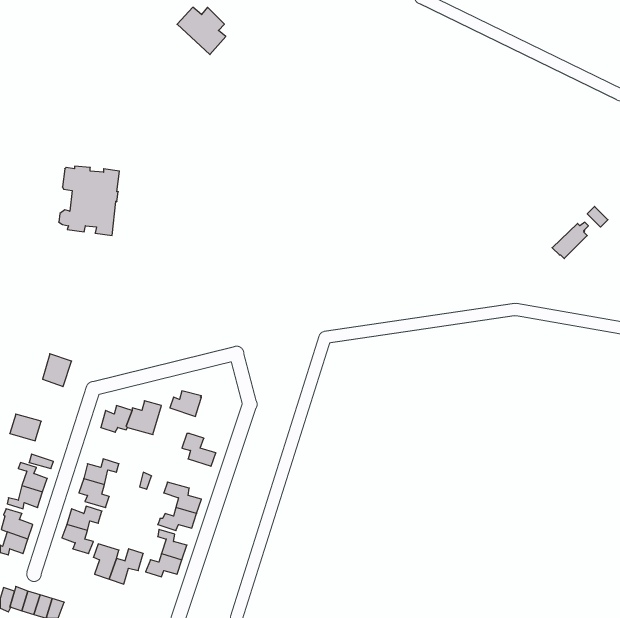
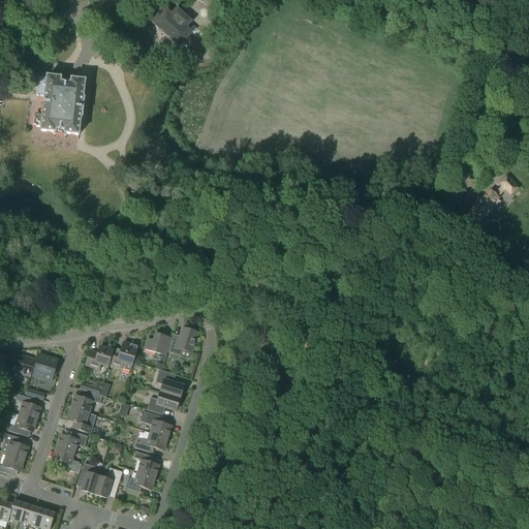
building: [59,166,119,235] -> [33,75,85,134]
building: [43,354,72,387] -> [33,352,58,380]
building: none -> [167,326,197,354]
building: none -> [147,391,180,413]

